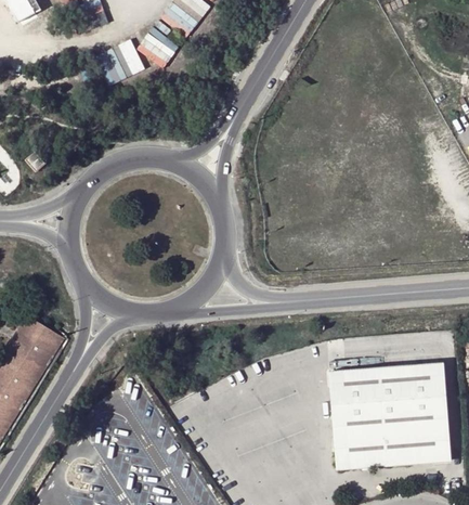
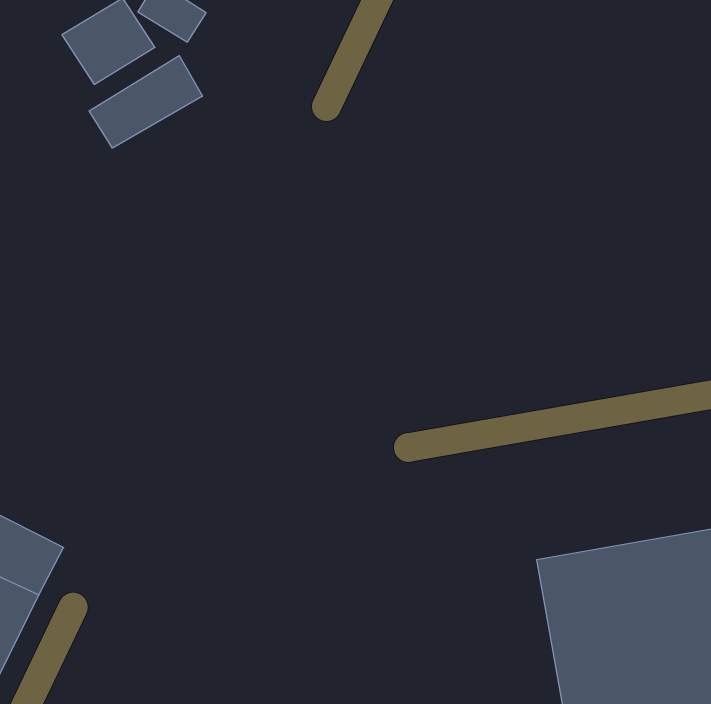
building: none -> [89,56,202,148]

